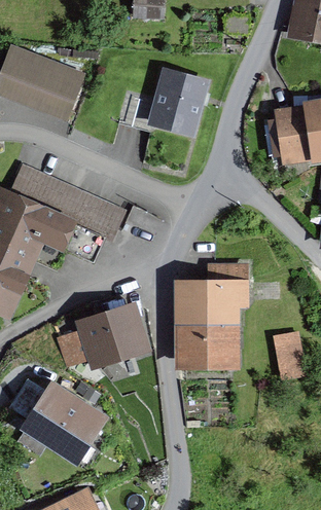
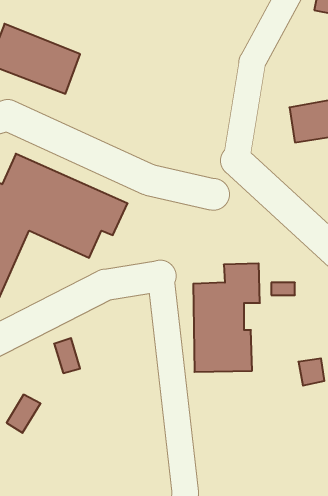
building: [151,70,205,131] -> none
building: [78,308,135,358] -> none
building: [26,386,101,458] -> none

